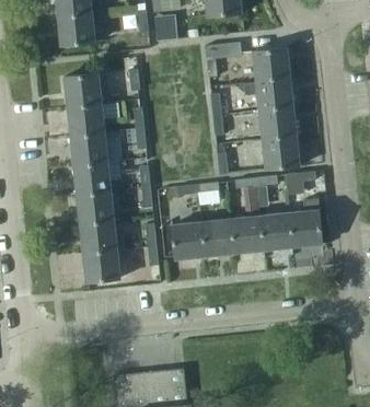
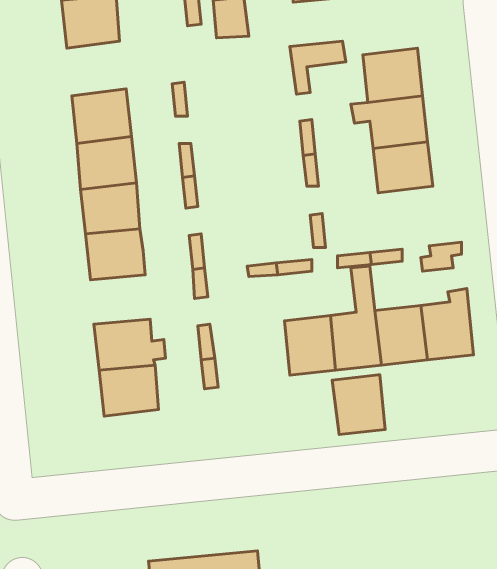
building: [262,136,300,171] -> none
building: [77,193,115,224] -> none
building: [171,222,205,260] -> [332,375,385,435]

